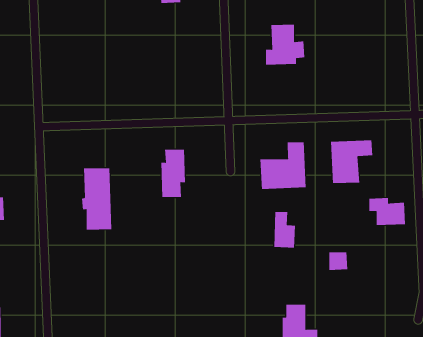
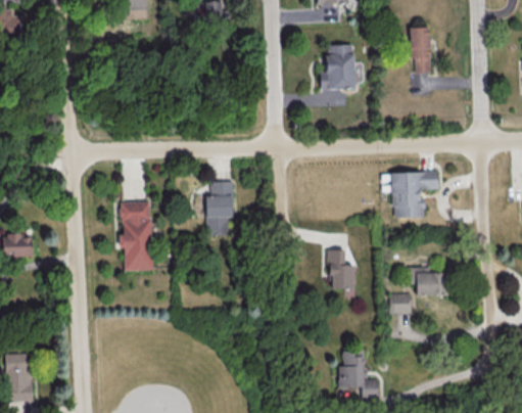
building: none -> [410,27,430,73]
building: [260,141,306,190] -> none
building: [368,198,406,226] -> [408,266,448,296]

